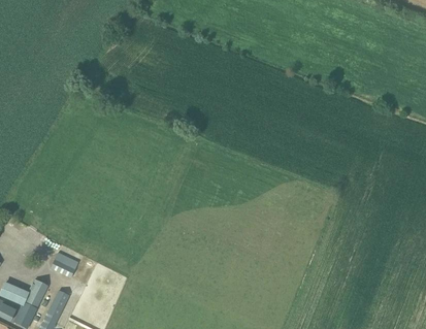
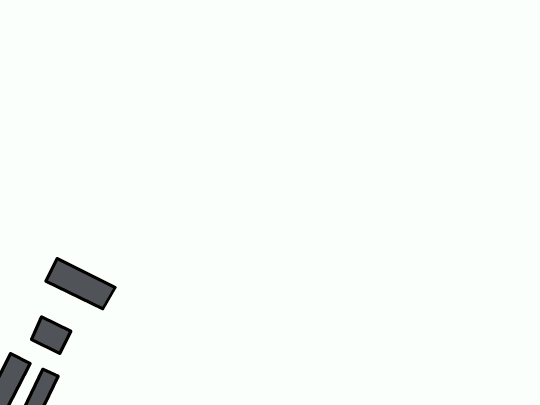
building: none -> [46,258,115,309]

